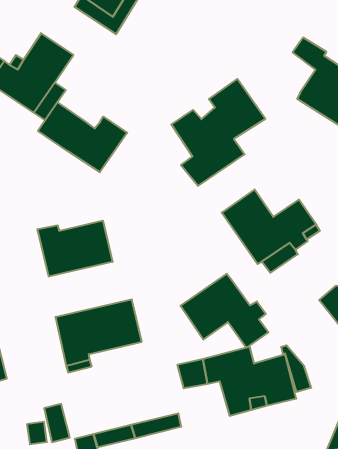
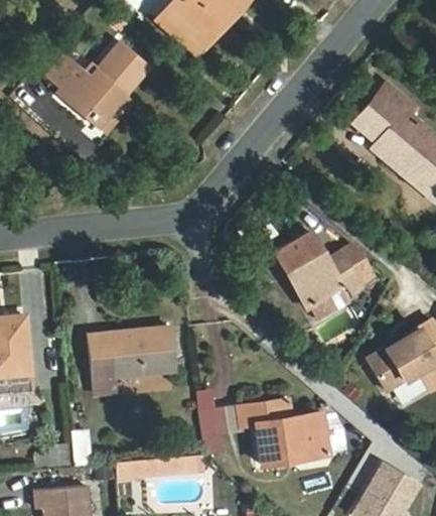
building: none -> [356,98,396,140]
building: [171,79,265,186] -> none
building: [38,102,127,172] -> none
building: [38,221,113,277] -> none
building: [180,274,268,348] -> none

